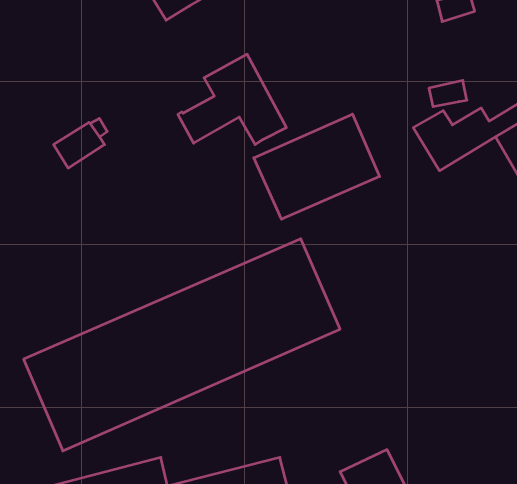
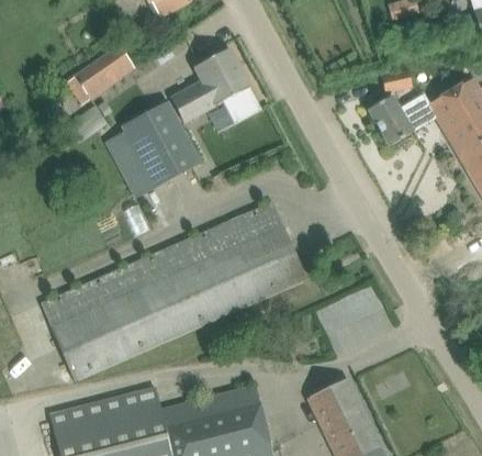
building: none -> [67,48,132,103]
building: [254,114,380,219] -> none
building: none -> [105,100,201,198]

